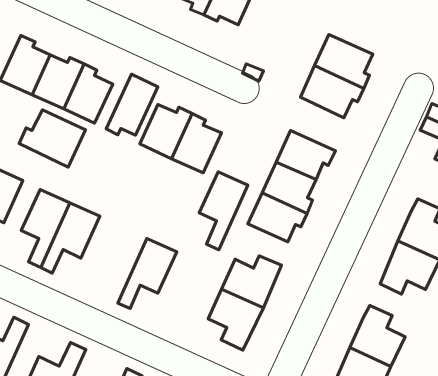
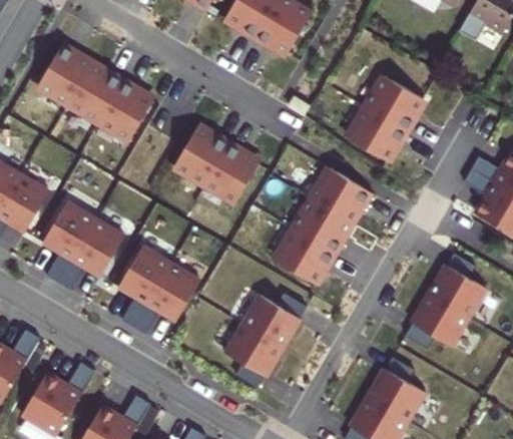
building: [106,74,158,135] -> none
building: [19,110,85,167] -> none
building: [199,172,248,250] -> [117,247,170,327]

